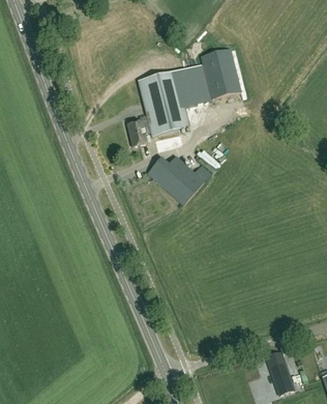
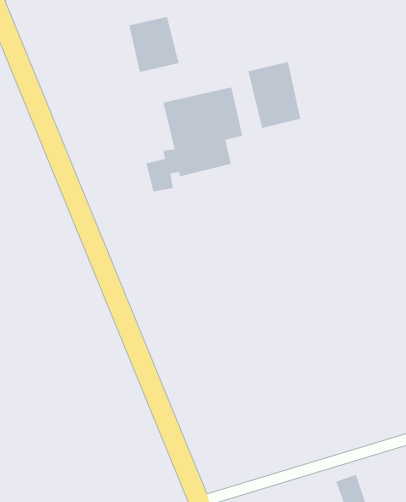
building: none -> [128,16,180,73]
building: [147,155,211,204] -> none

